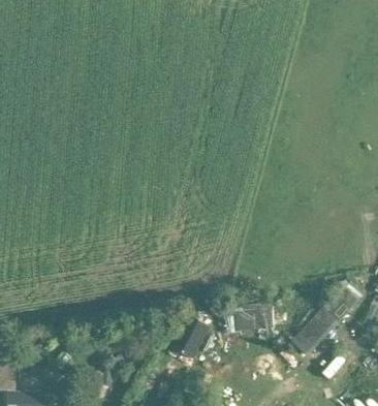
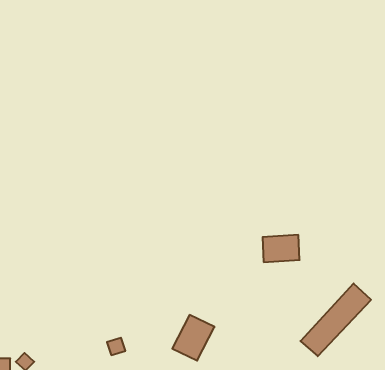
building: [234,305,270,331] -> [263,235,300,262]

